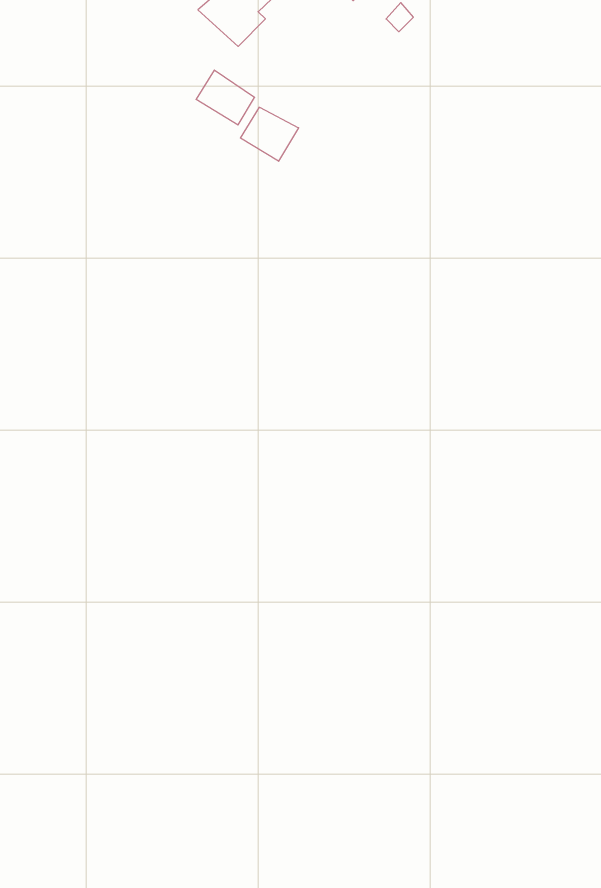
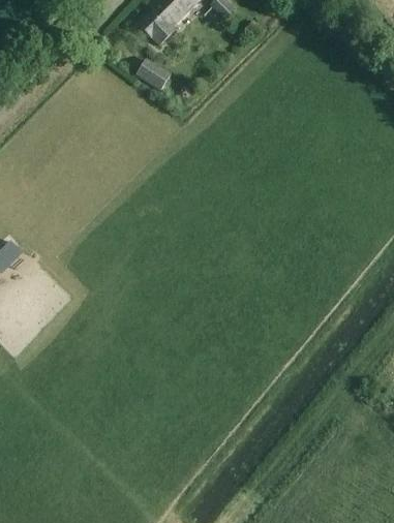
building: [240,107,299,161] -> none

